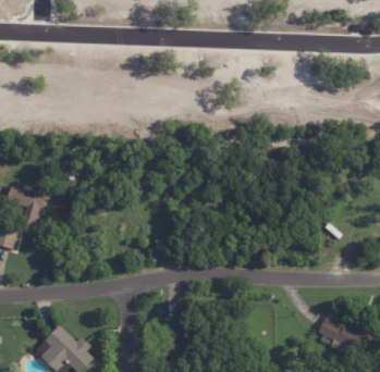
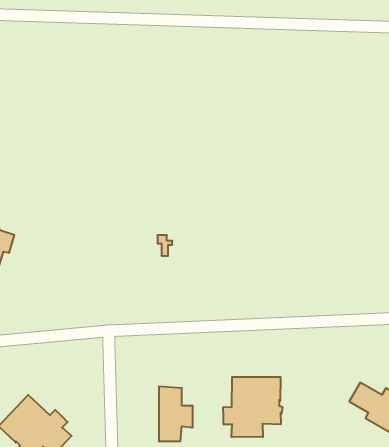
building: none -> [223,377,282,437]

